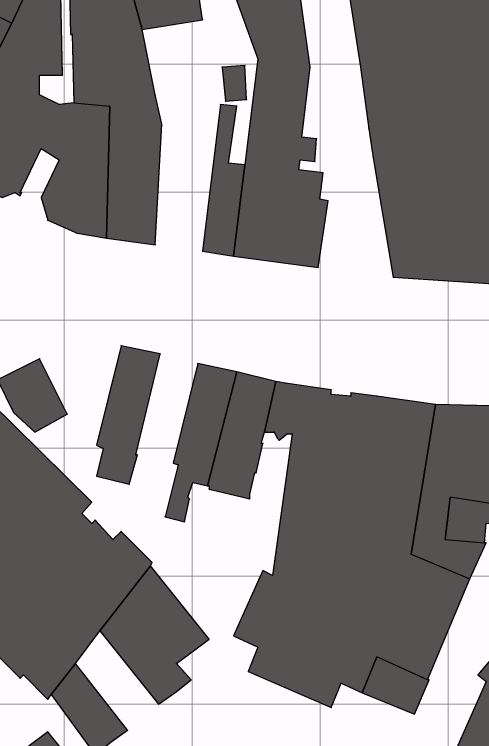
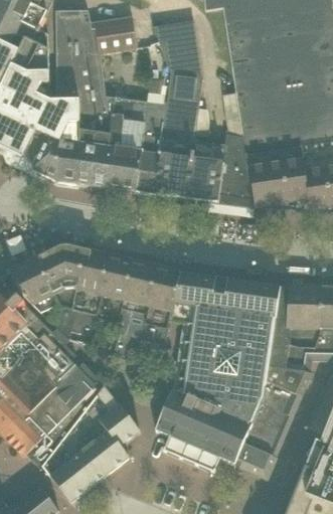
building: none -> [107,95,147,191]
building: none -> [207,134,254,207]
building: none -> [35,244,86,330]
building: none -> [95,254,133,322]
building: none -> [57,425,109,487]

